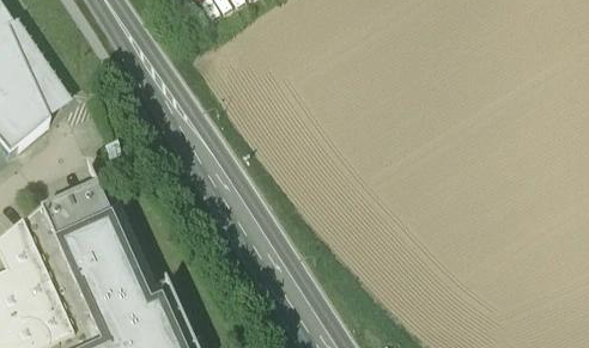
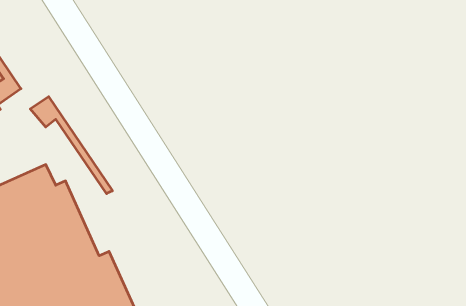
building: none -> [30,97,112,194]

